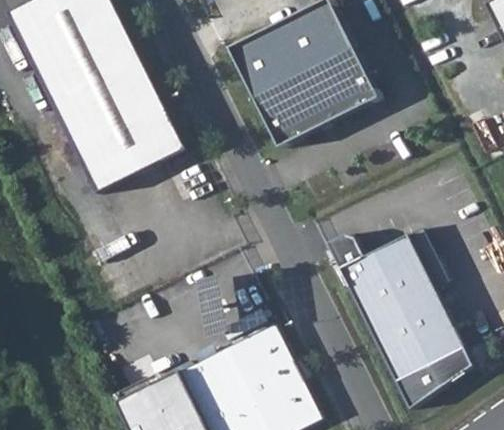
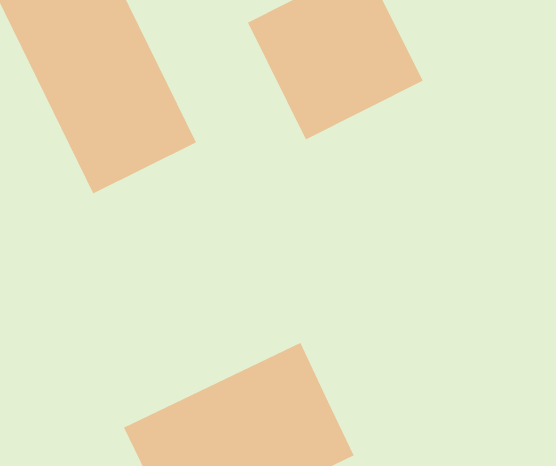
building: [327,234,474,412] -> none

